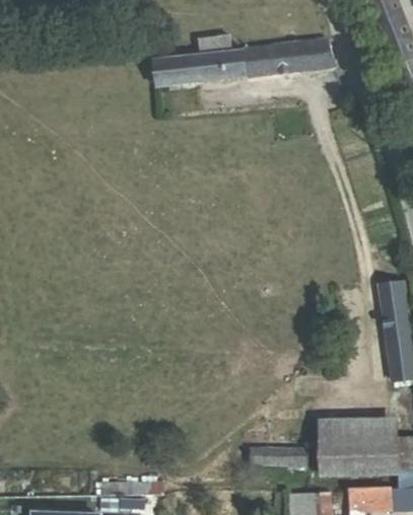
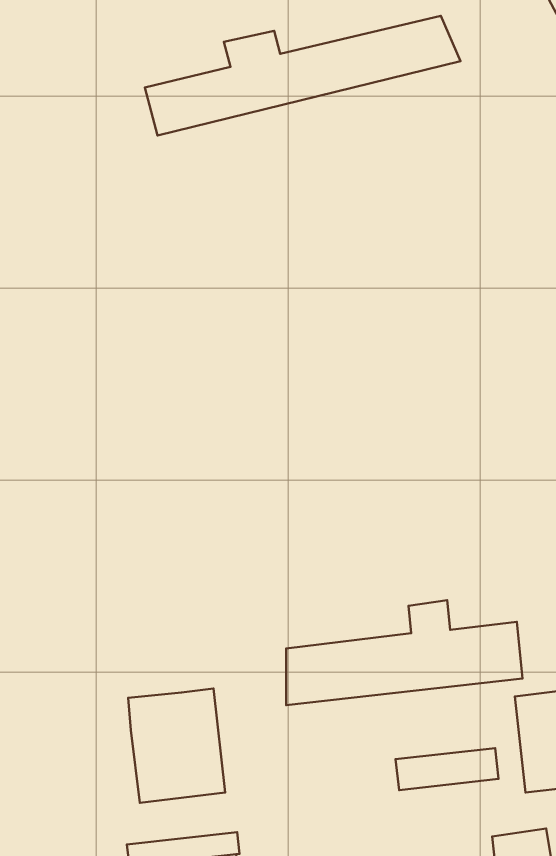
building: none -> [286,600,522,705]
building: none -> [128,689,225,803]

